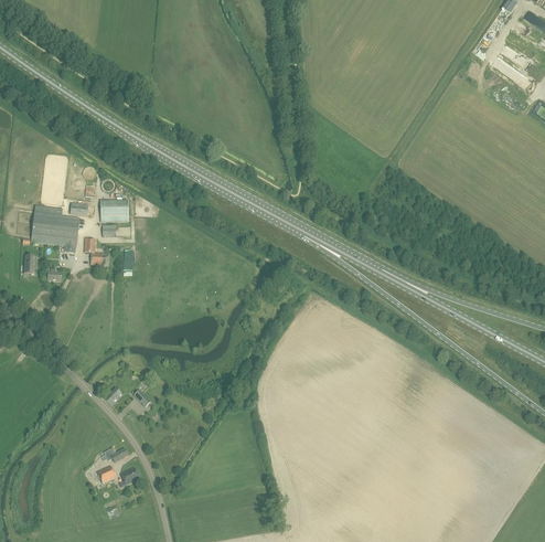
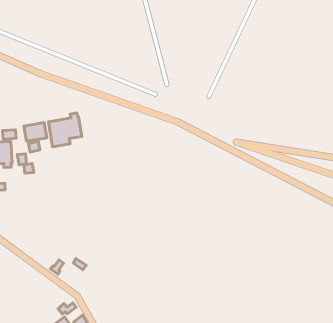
building: none -> [48,113,82,147]

